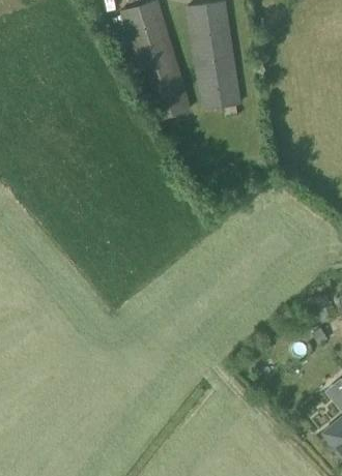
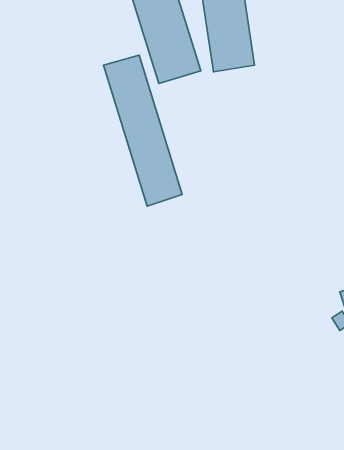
building: none -> [103,55,182,206]

